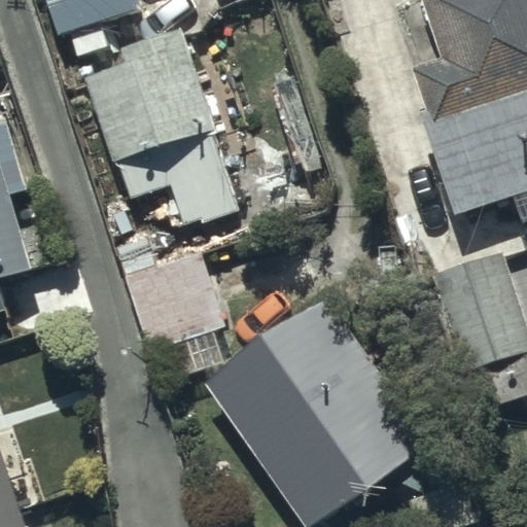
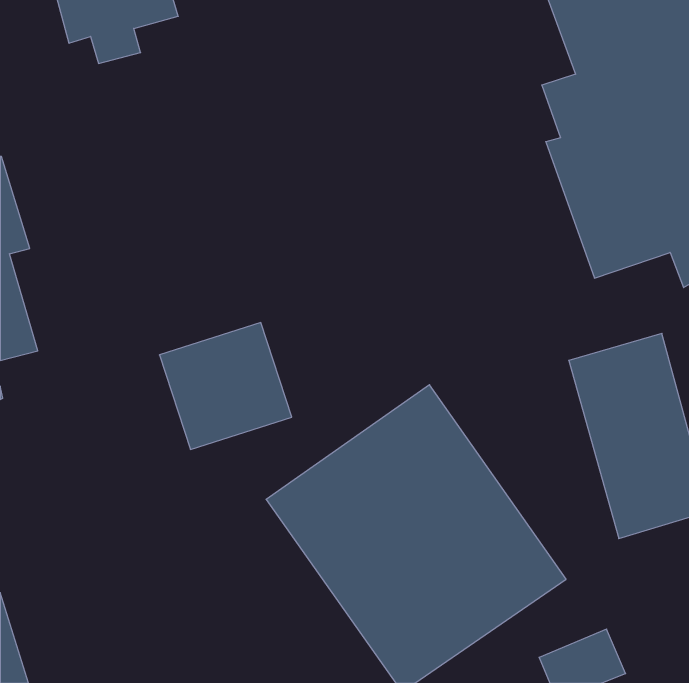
building: [82,24,240,222] -> none

